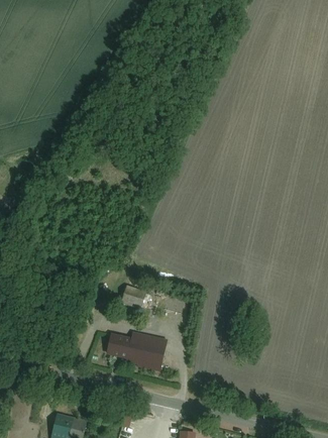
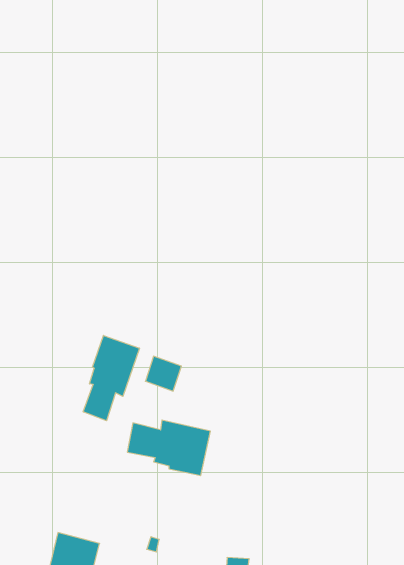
building: none -> [83,335,139,421]

